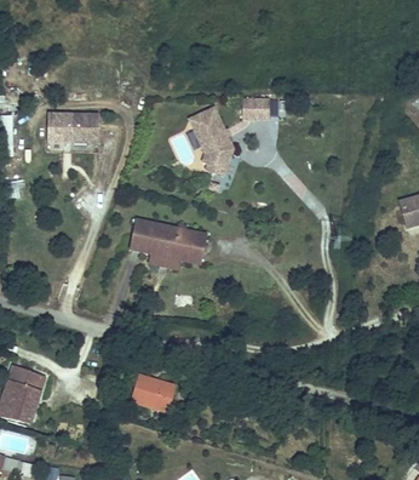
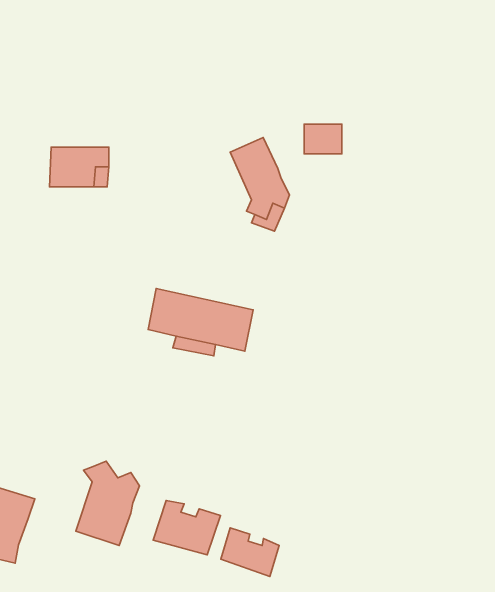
building: none -> [76,461,140,545]
building: none -> [221,528,279,577]

